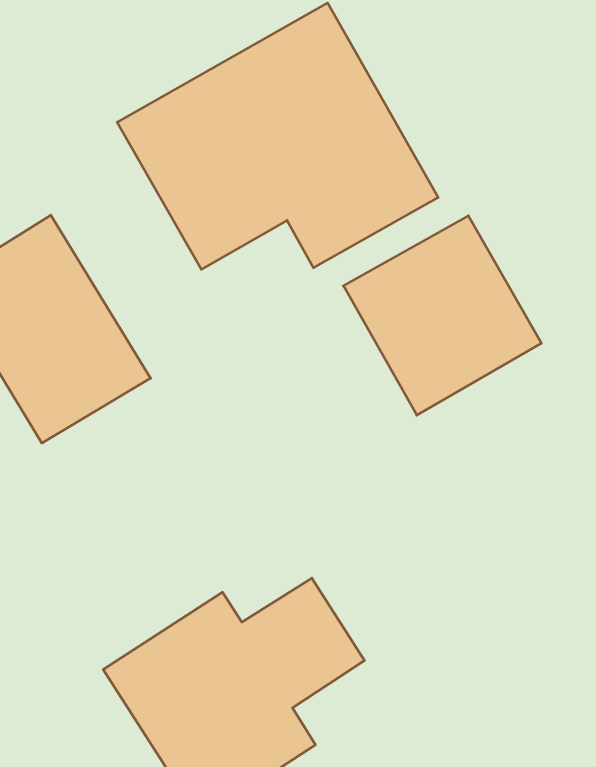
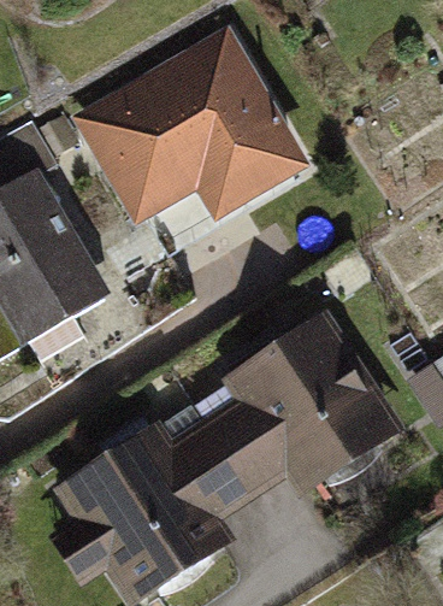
building: [343,216,541,415] -> none
building: none -> [214,326,397,488]

